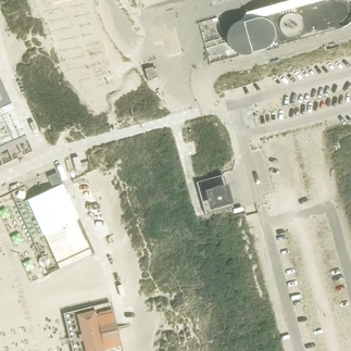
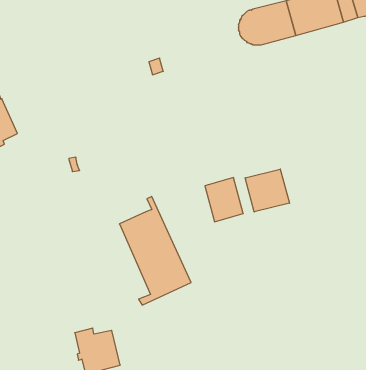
building: none -> [245,169,289,212]
building: [28,173,93,272] -> [119,196,191,305]

